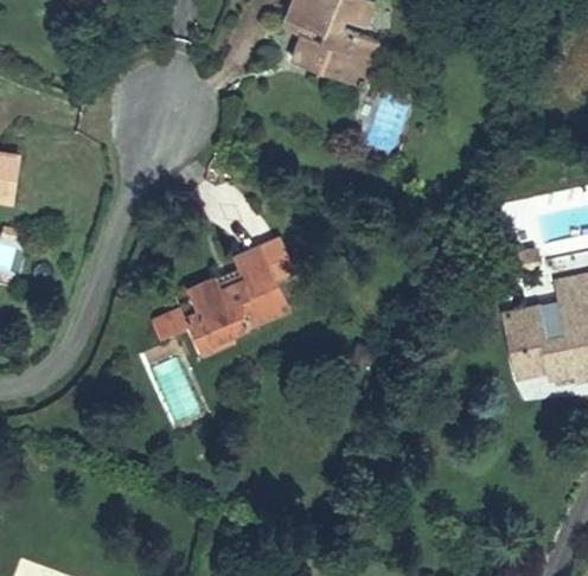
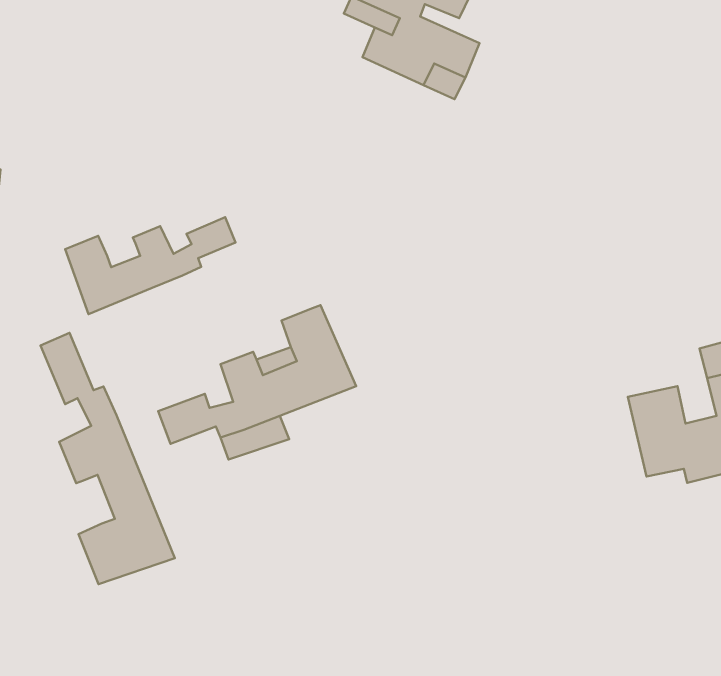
building: none -> [65,217,236,314]
building: none -> [40,333,175,584]

